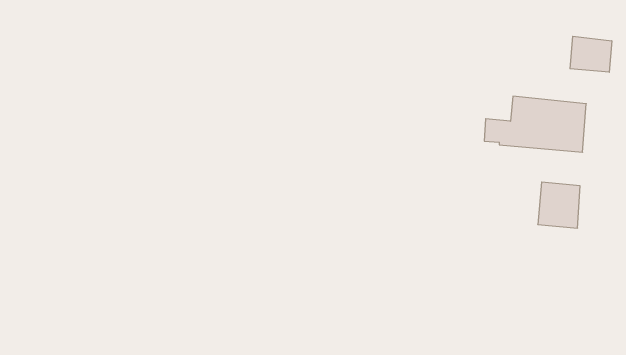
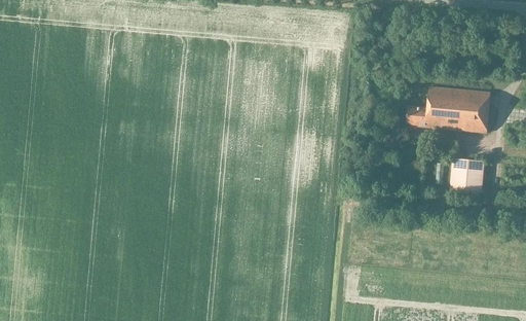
building: [570,36,612,72] -> none

